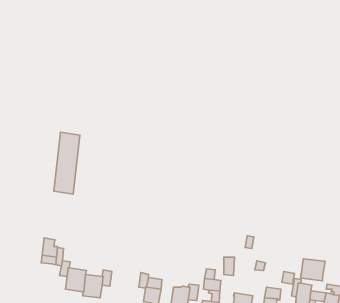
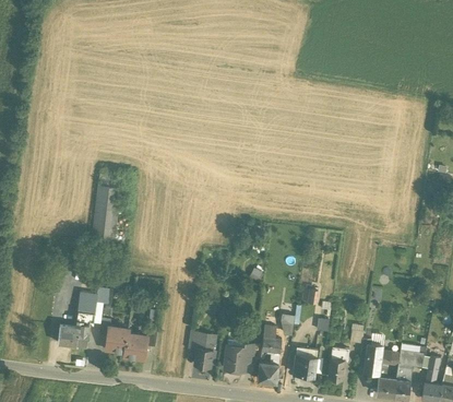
building: [300,259,325,281] -> none
building: none -> [58,322,90,344]

